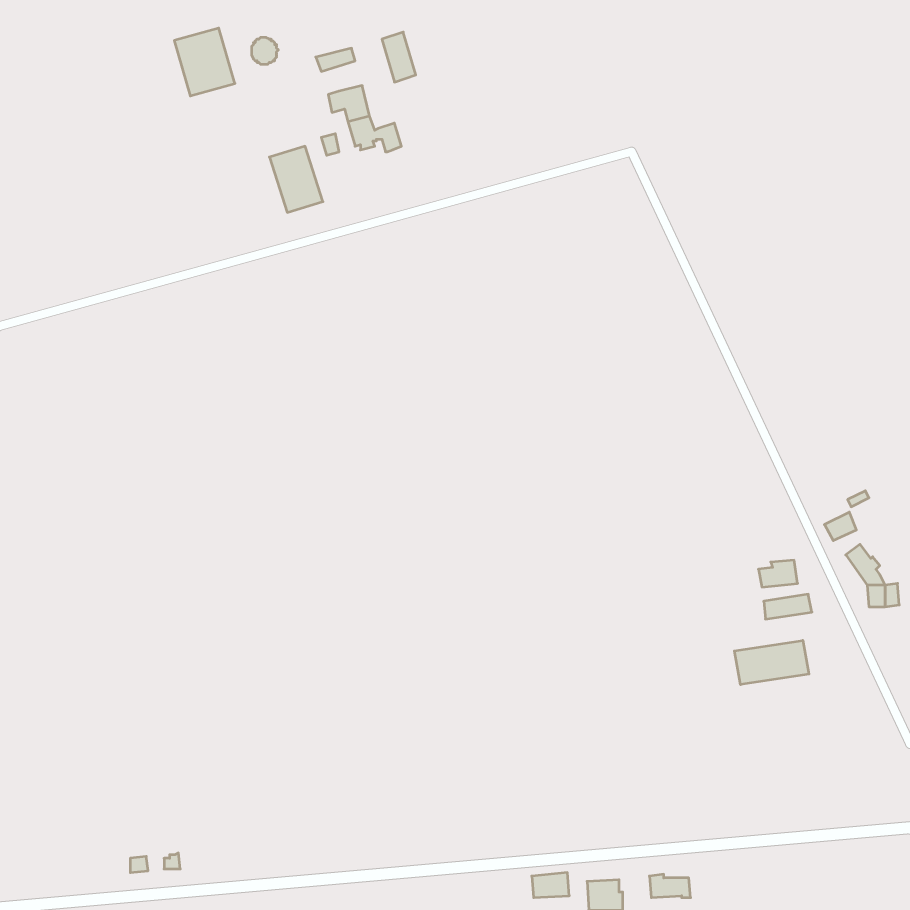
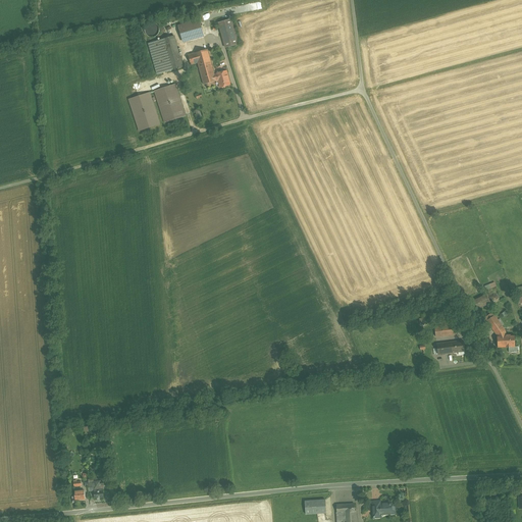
building: [174,28,235,96] -> [148,35,182,73]
building: none -> [127,91,160,130]
building: [734,640,809,685] -> none

